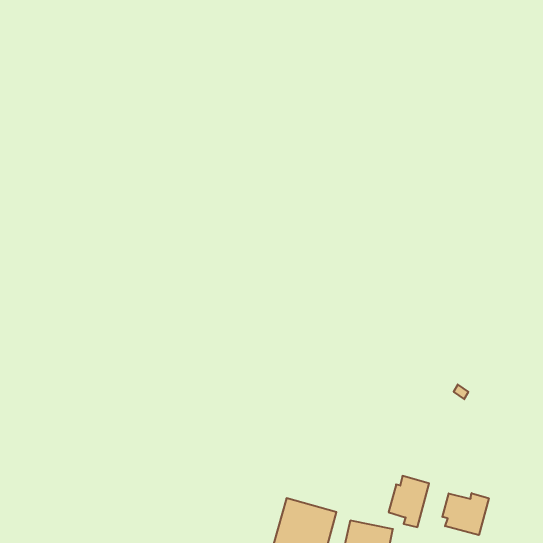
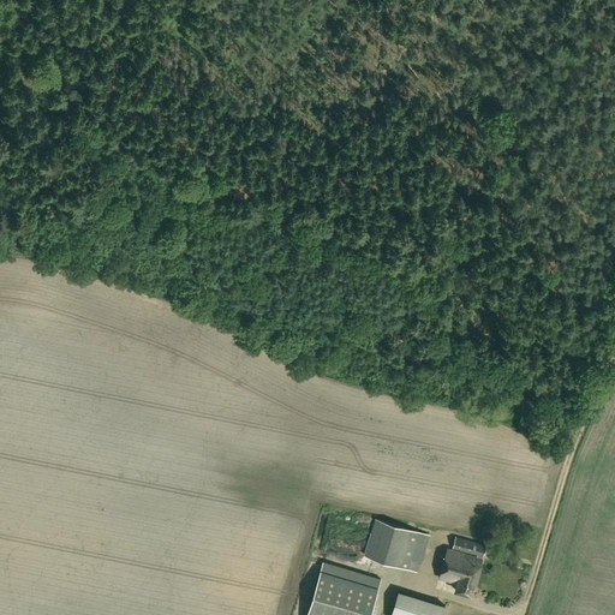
building: none -> [364,520,426,572]
building: [442,493,489,535] -> none

